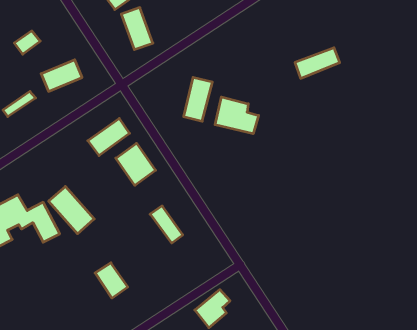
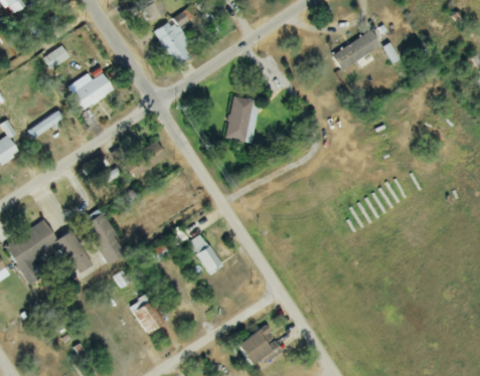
building: [295,48,340,78] -> [332,33,380,66]
building: [215,97,259,134] -> none
building: [116,143,156,185] -> none

